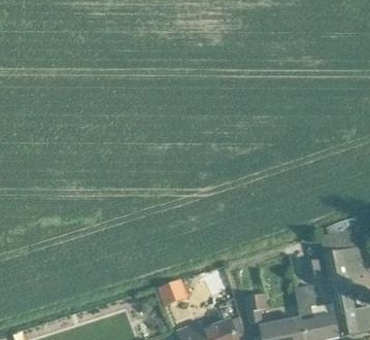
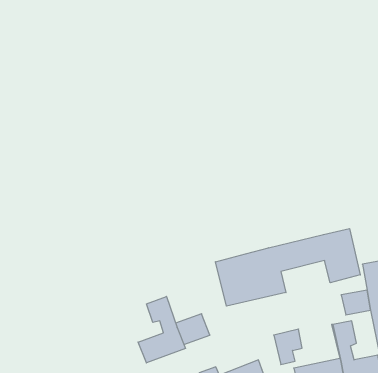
building: none -> [215,229,360,306]
building: none -> [138,296,185,363]

